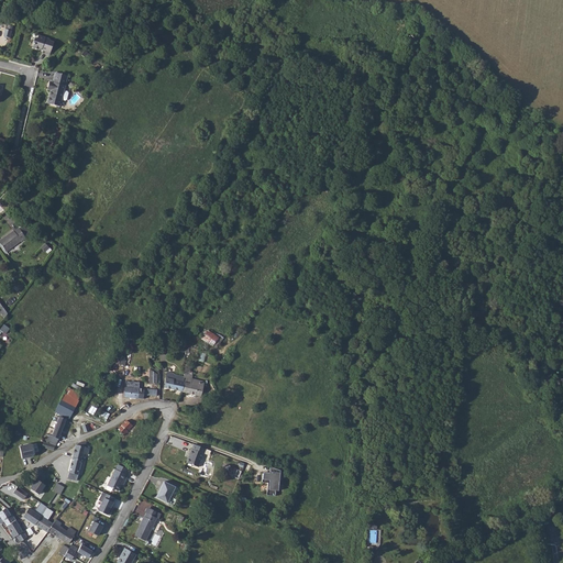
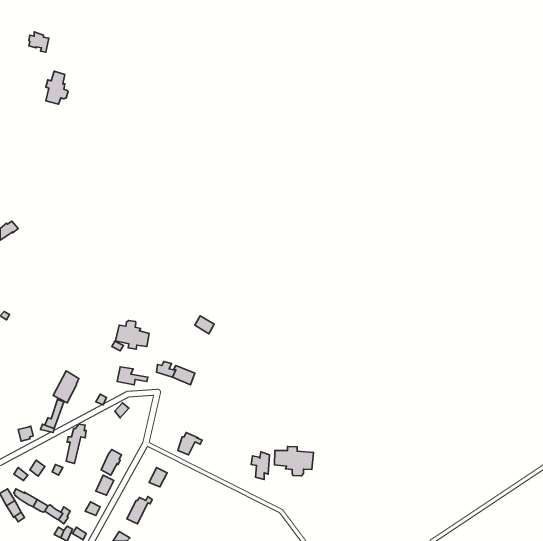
building: none -> [116,320,149,349]
building: none -> [274,446,313,476]

